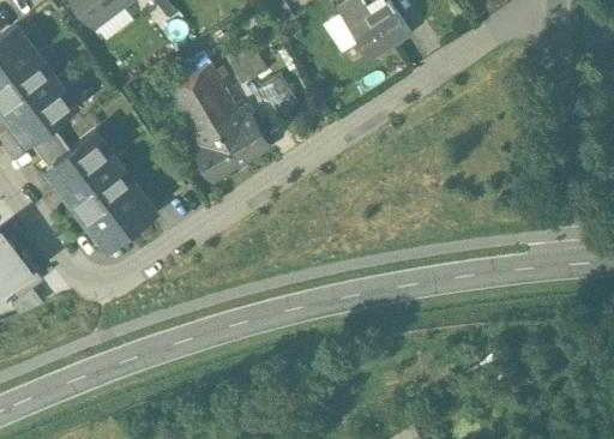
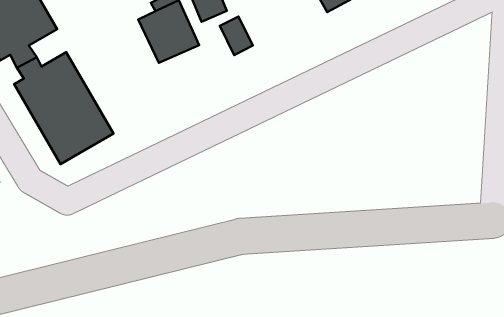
building: [193,109,271,182] -> none

